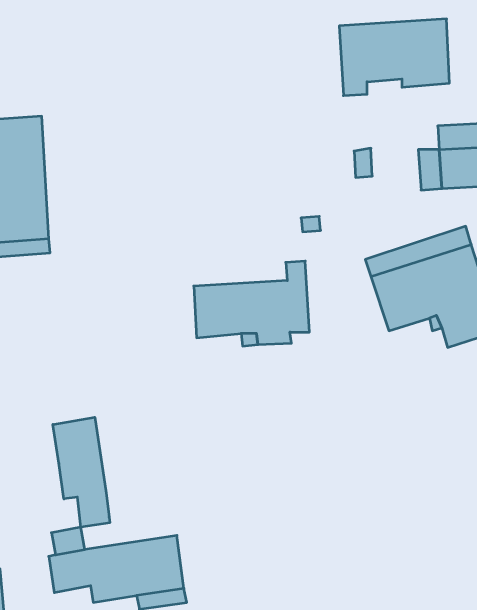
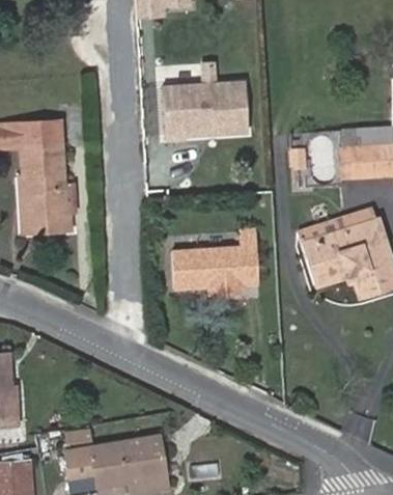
building: [339,19,449,96] -> [164,82,246,139]
building: [53,417,110,527] -> none

